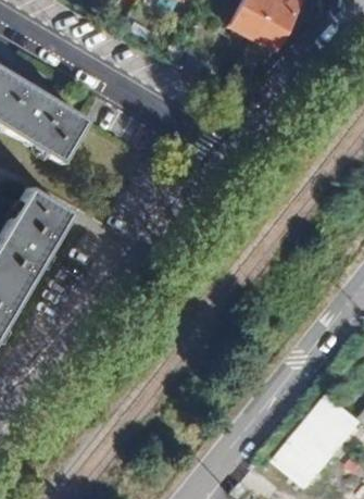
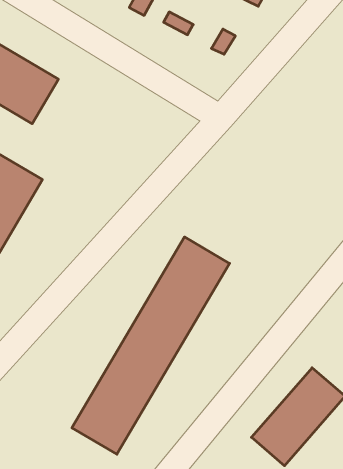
building: none -> [72,237,230,454]

